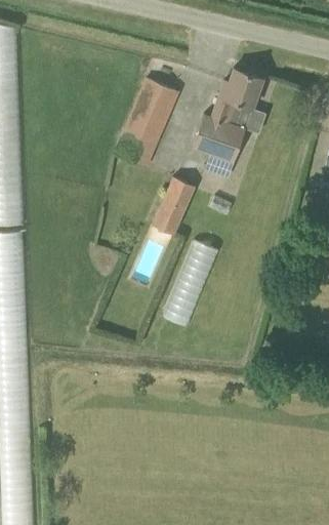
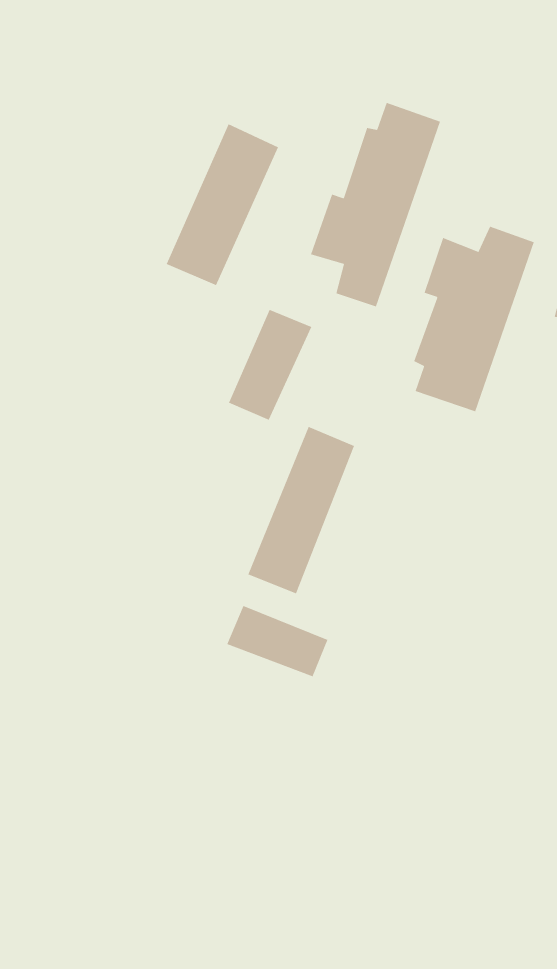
building: none -> [414,226,535,412]
building: none -> [226,605,328,677]

